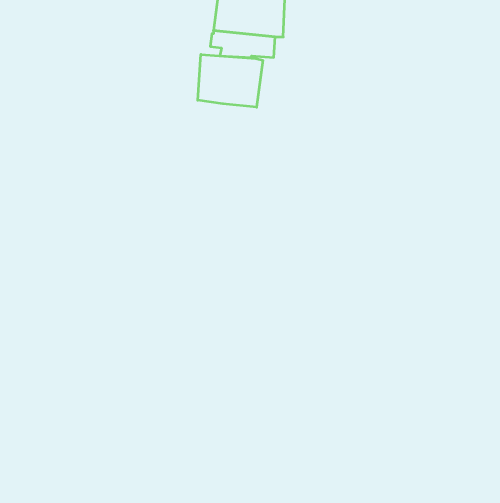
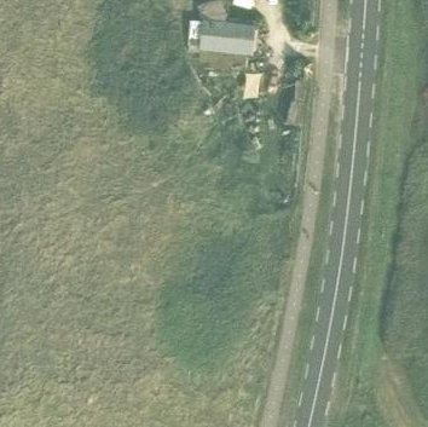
building: [198,54,263,107] -> none

